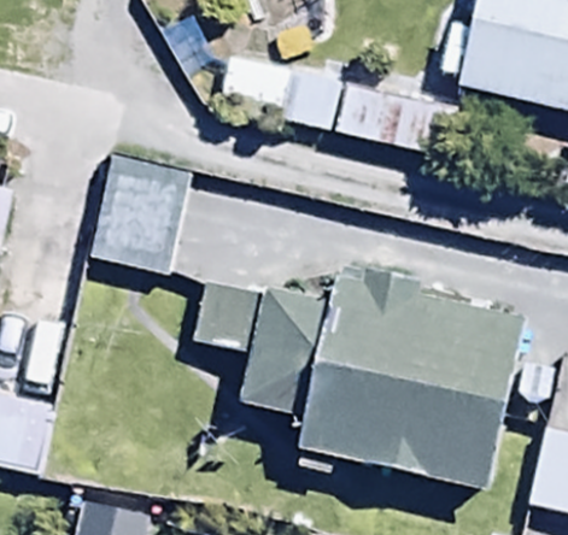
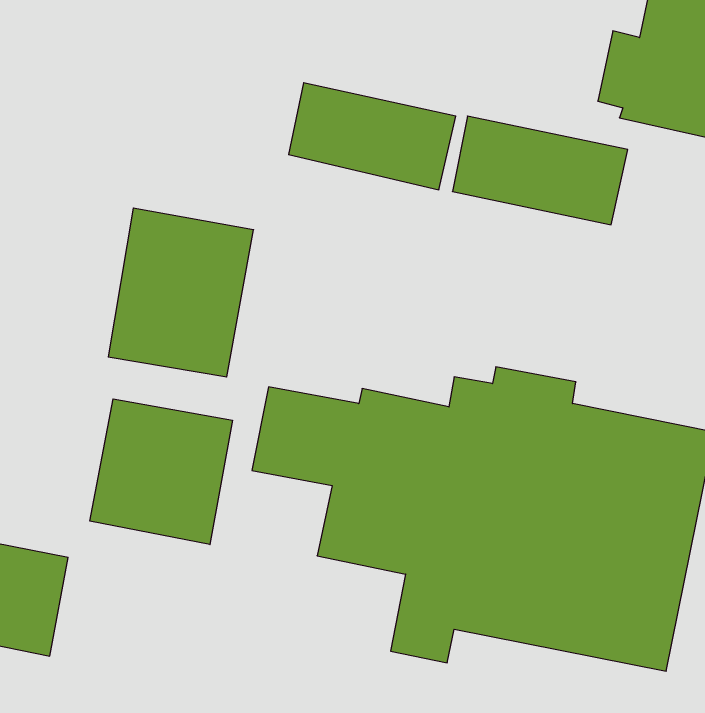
building: none -> [90,399,232,545]

